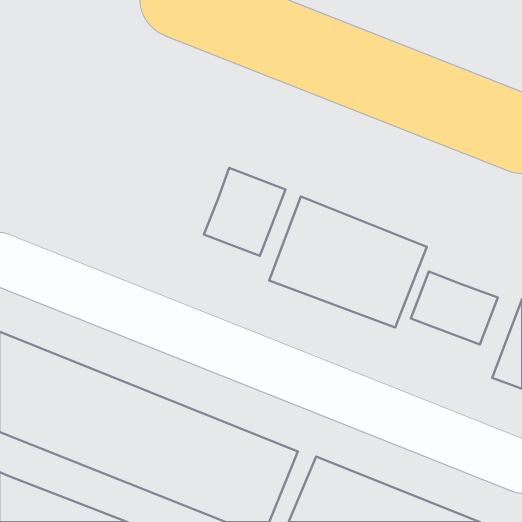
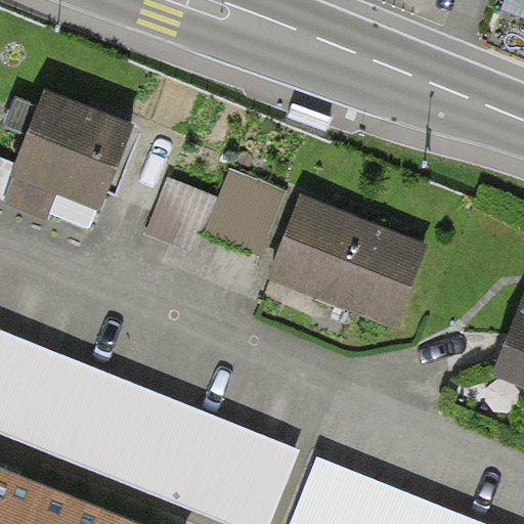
building: none -> [4,92,135,221]
building: none -> [144,178,218,254]
building: [411,272,498,345] -> none

